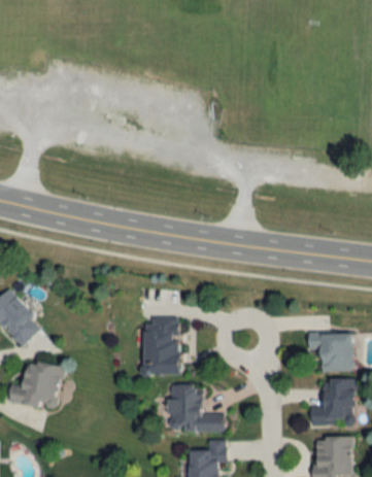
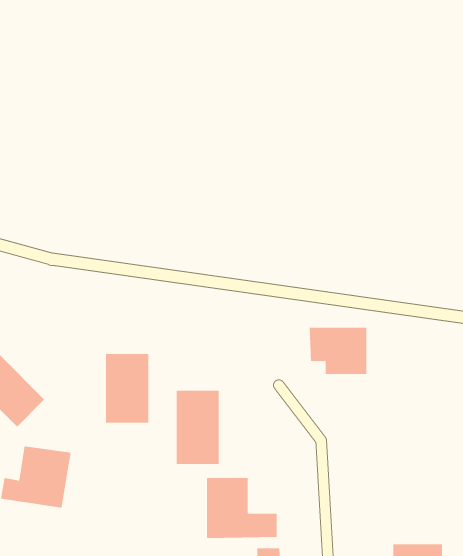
building: none -> [106,353,149,424]
building: [307,333,352,370] -> [309,327,367,375]
building: [310,378,354,424] -> none

